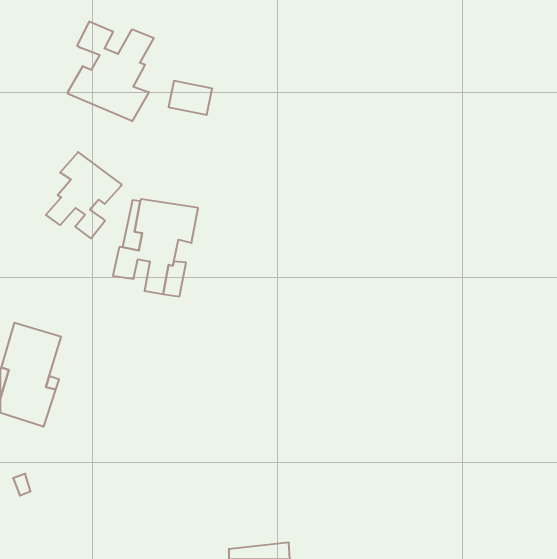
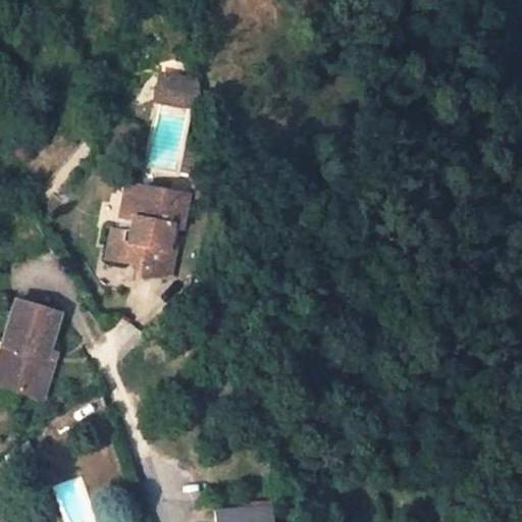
building: [68,21,154,121] -> none
building: [46,152,121,238] -> none

